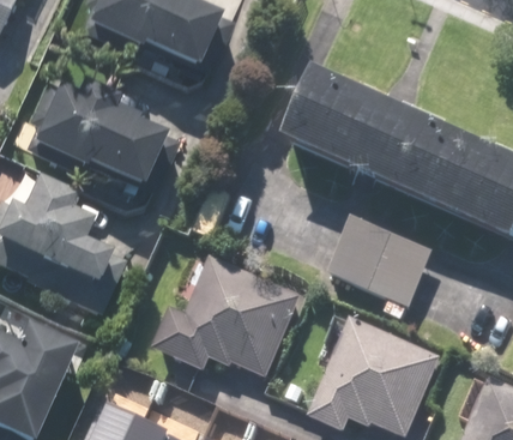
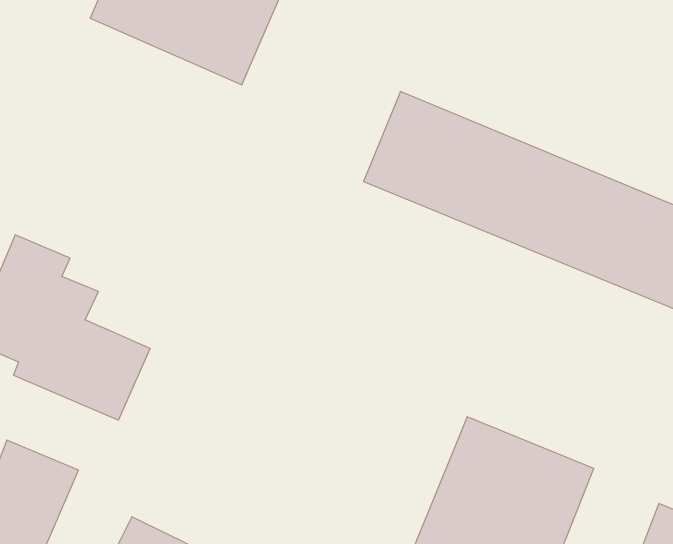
building: [24,84,161,193] -> none
building: [331,215,431,301] -> none
building: [152,258,301,374] -> none

